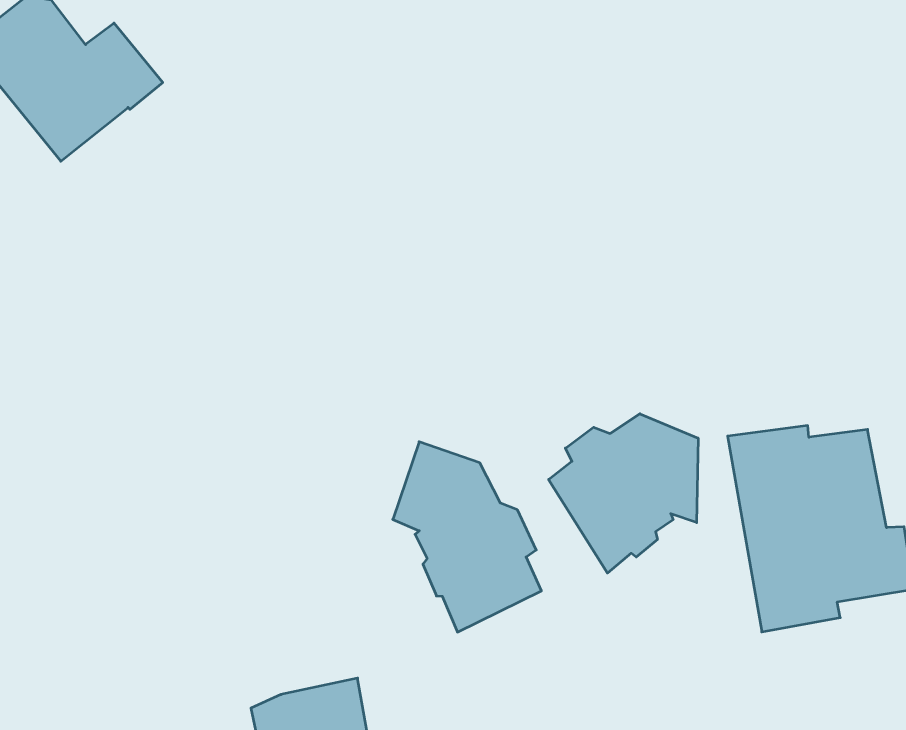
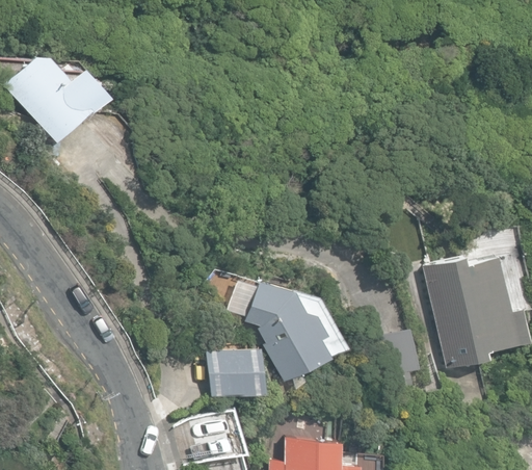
building: [549,414,698,573] -> none
building: none -> [205,342,260,392]

